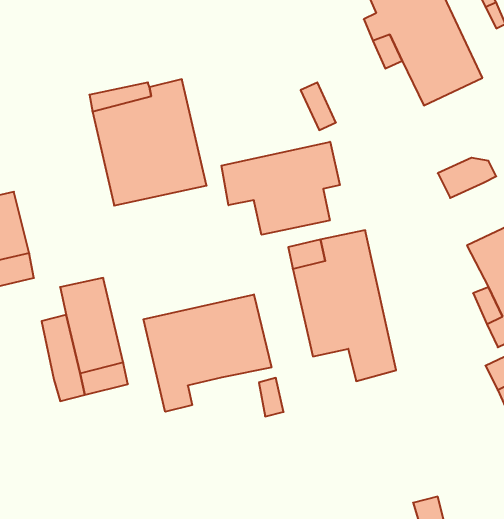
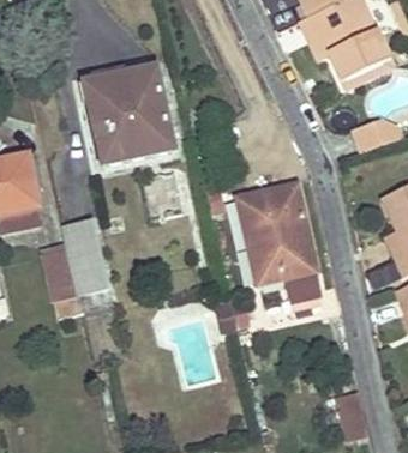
building: [221,142,340,235] -> none
building: [143,294,271,412] -> none

